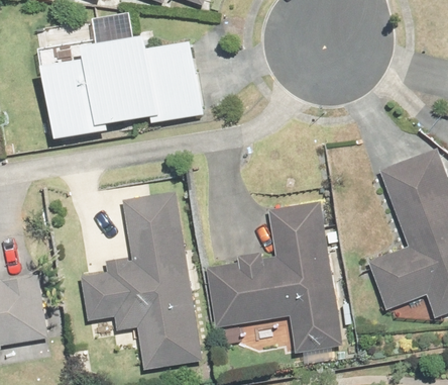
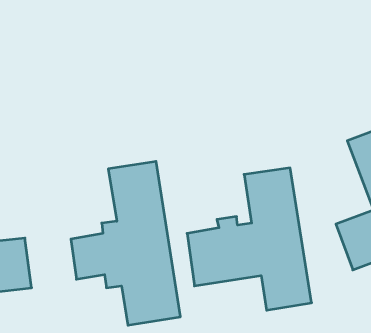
building: [44,34,202,136] -> none

